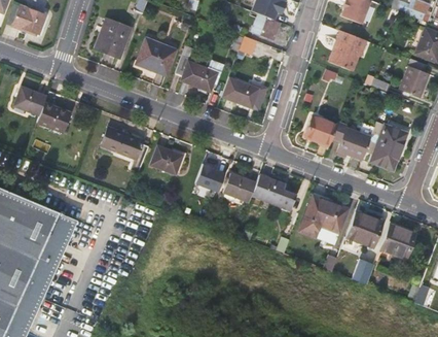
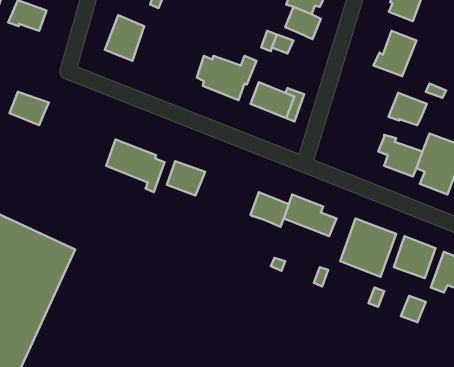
building: [137,38,176,76] -> none
building: [37,104,69,133] -> none
building: [304,115,337,143] -> [389,93,427,125]
building: [194,164,224,193] -> none

